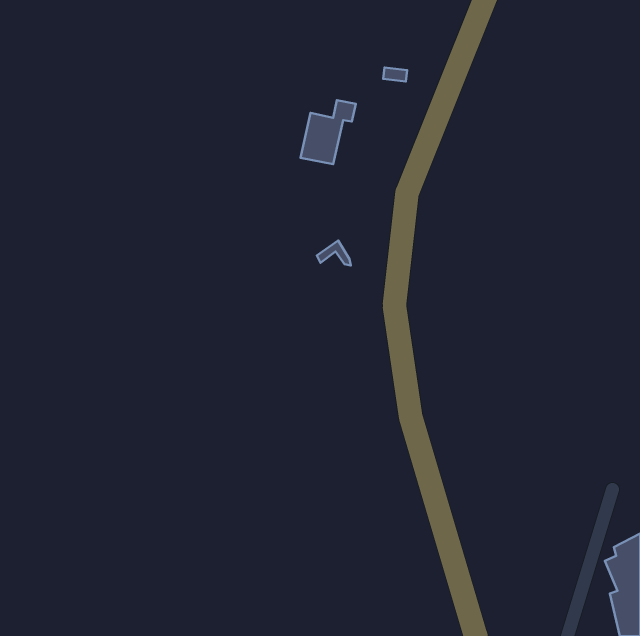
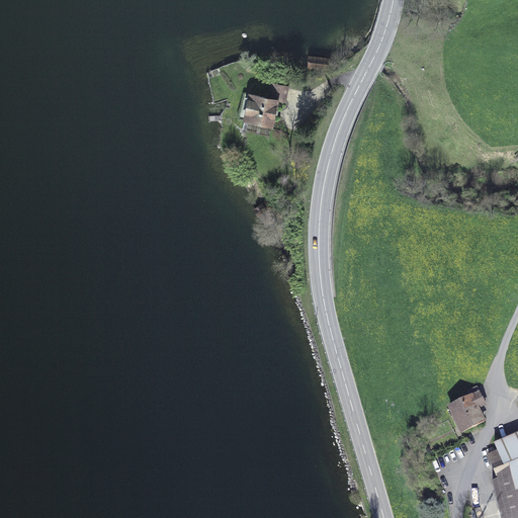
building: none -> [450,384,486,430]

